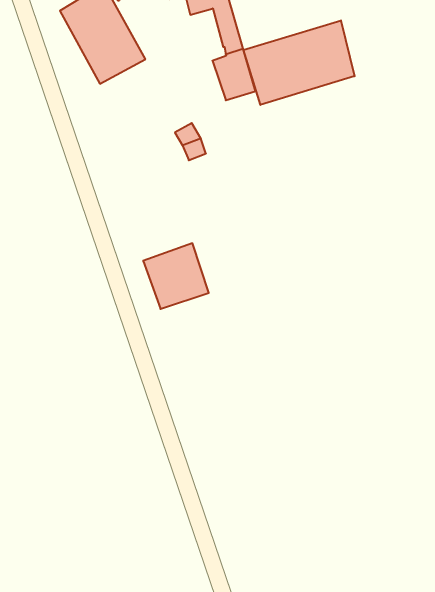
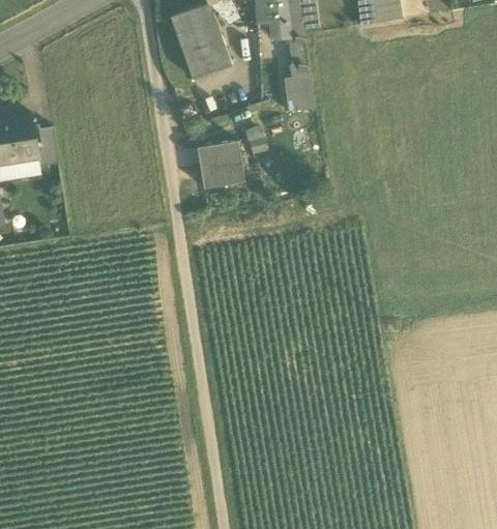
building: [243,20,355,105] -> none
building: [143,243,209,309] -> [196,139,243,186]

